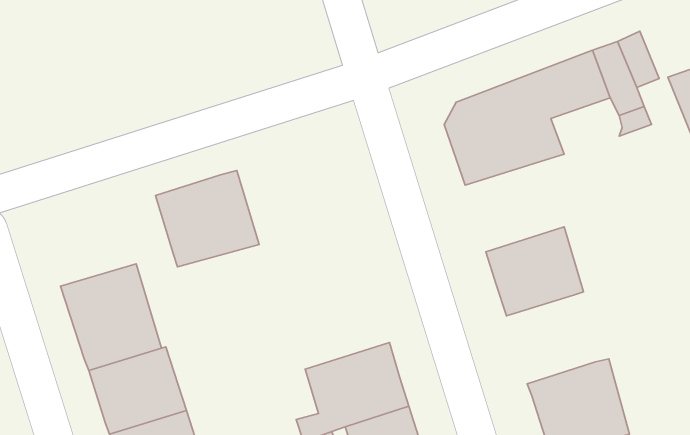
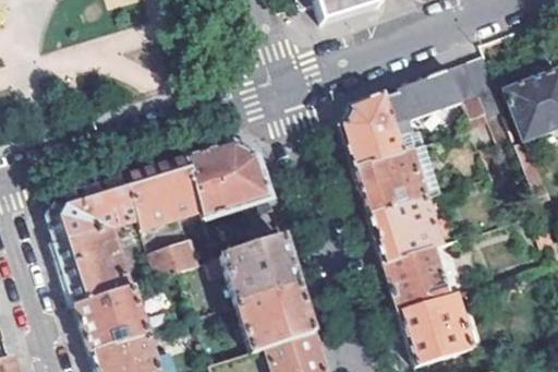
building: none -> [186,142,269,218]
building: none -> [354,151,442,217]
building: none -> [48,176,140,242]
building: none -> [207,237,299,303]
building: none -> [151,241,199,278]
building: none -> [385,249,450,314]

